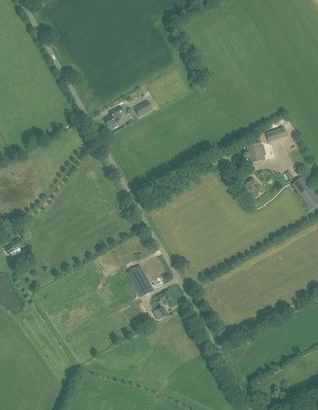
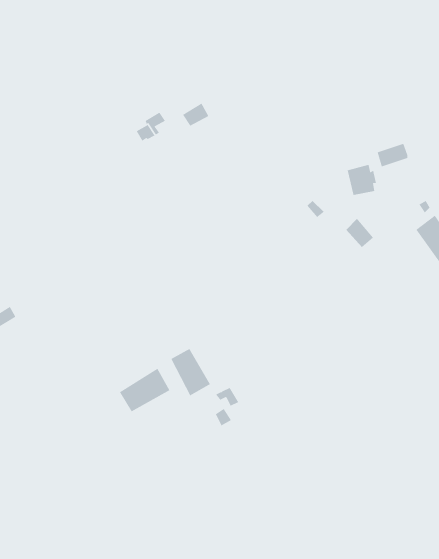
building: none -> [119,368,170,412]

